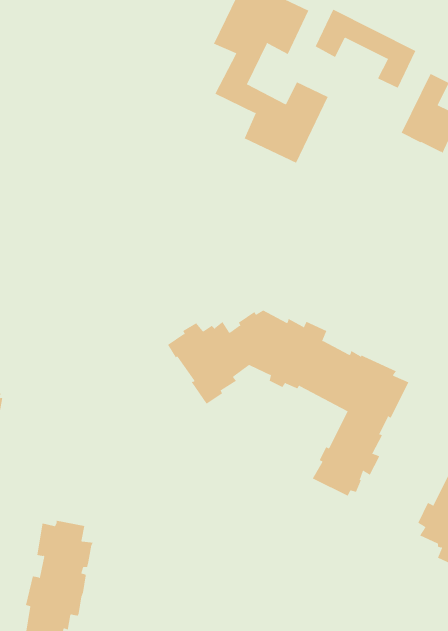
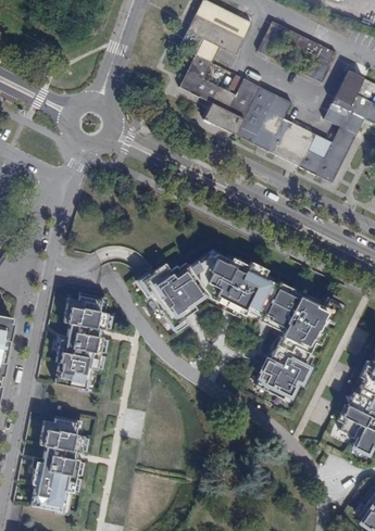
building: none -> [243,87,357,181]
building: none -> [54,294,108,388]

